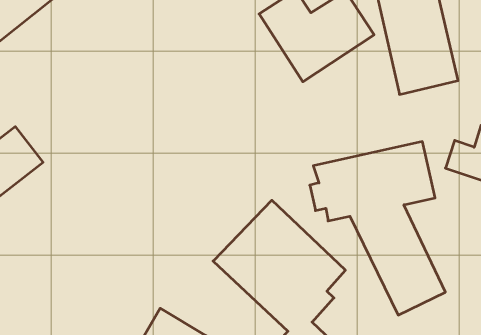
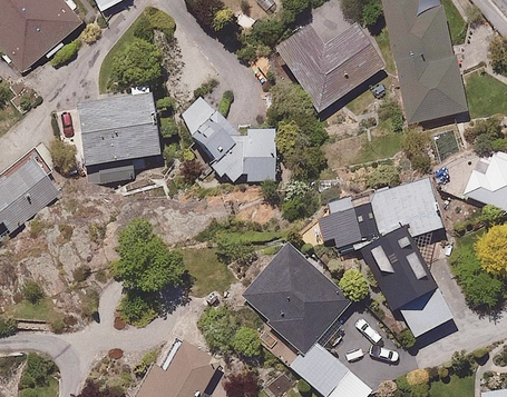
building: none -> [72,93,160,189]
building: none -> [178,100,277,183]

